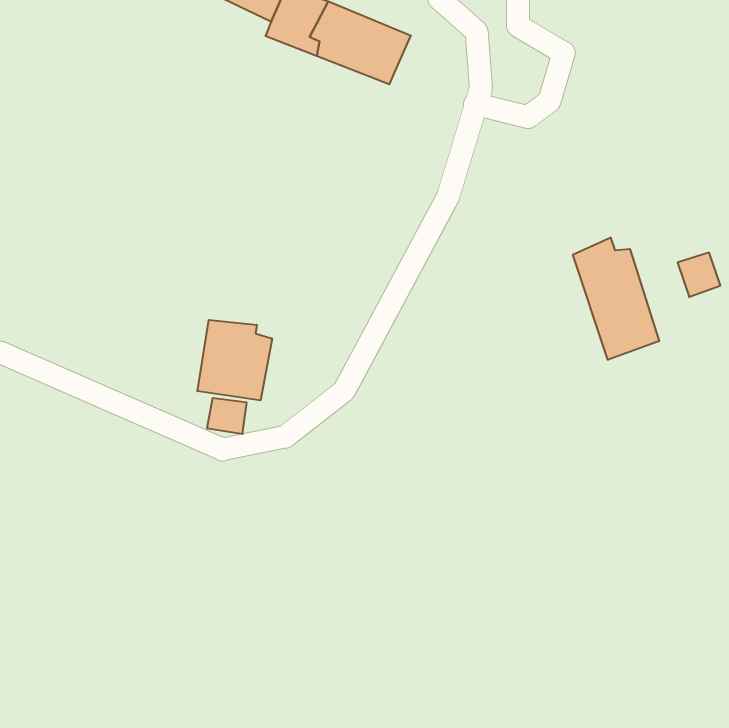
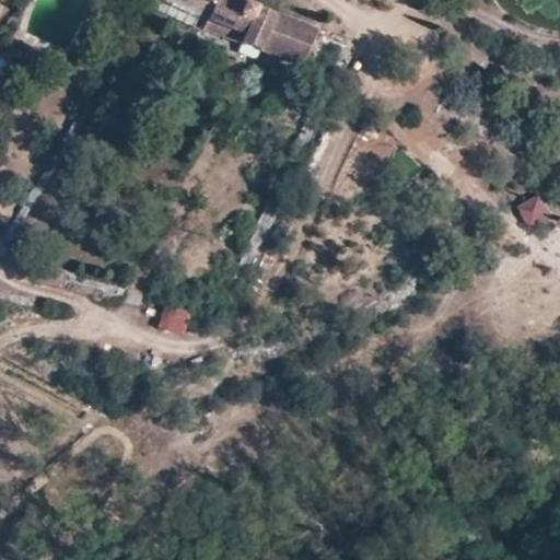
building: [573,238,659,360] -> none
building: [197,320,272,400] -> none

